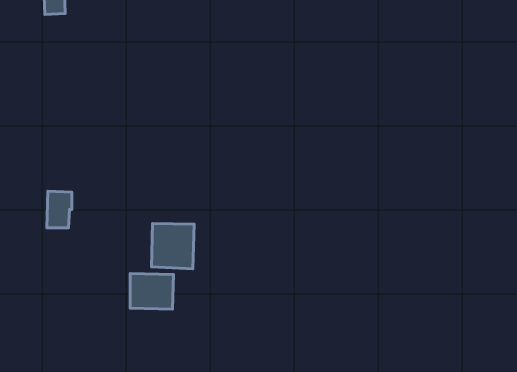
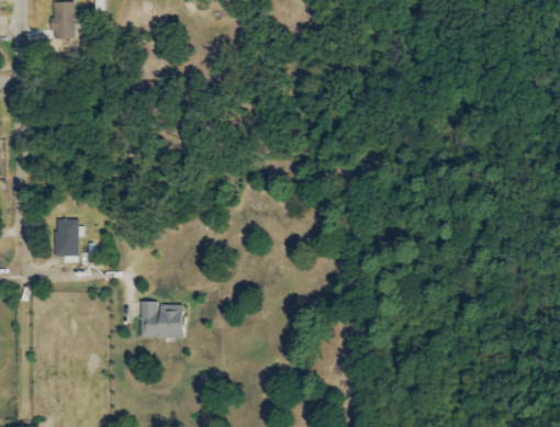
building: [152,223,194,269] -> none

